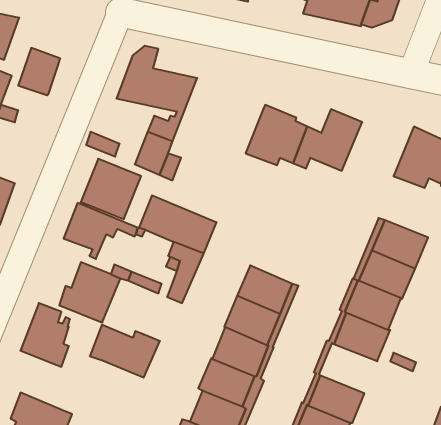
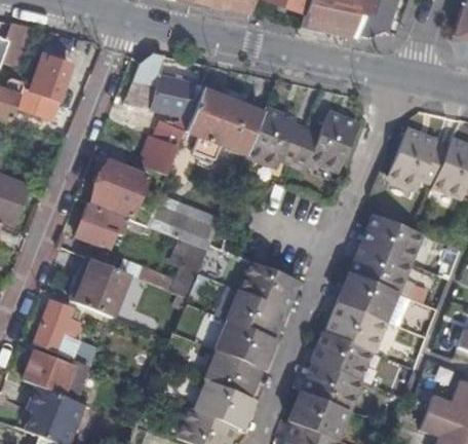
building: none -> [187,89,264,158]
building: [90,325,160,378] -> [21,349,87,400]
building: none -> [317,336,371,383]

